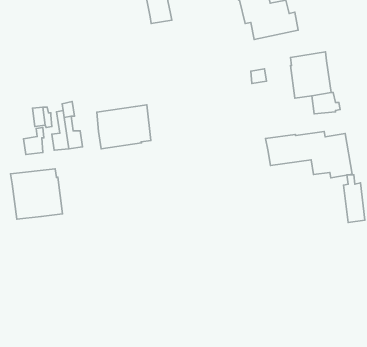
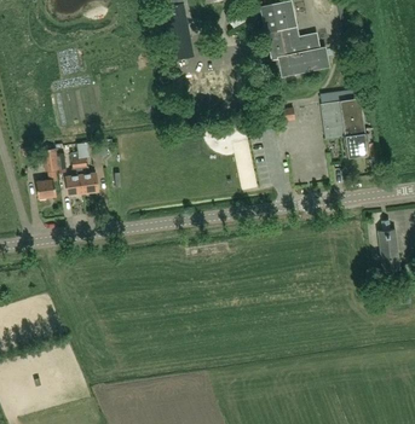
building: [97,105,151,149] -> none
building: [265,132,352,178] -> none
building: [11,169,63,219] -> none

